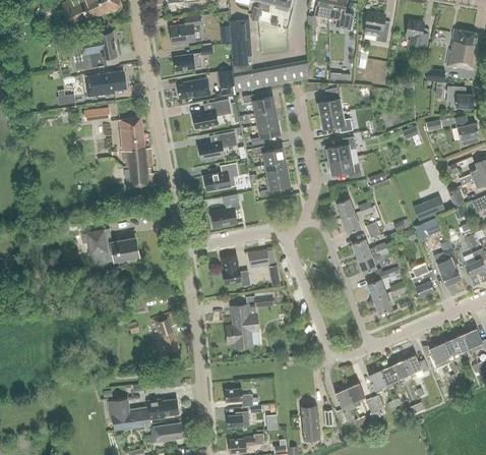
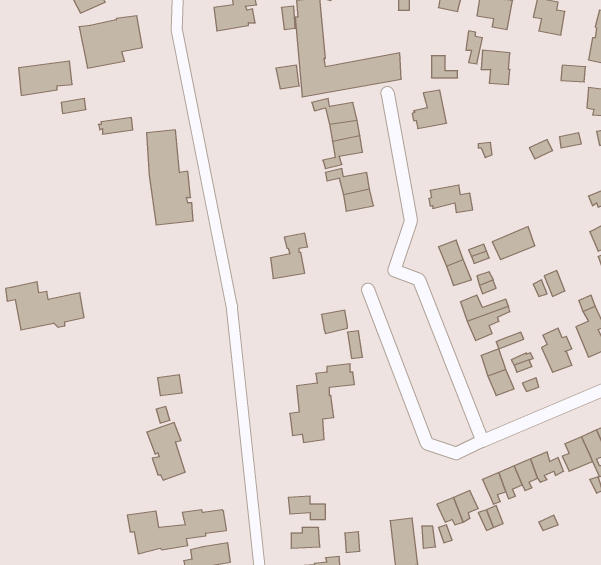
building: [173,45,212,70] -> none
building: [85,71,125,97] -> [19,61,72,95]
building: [177,78,209,99] -> none
building: [191,99,231,130] -> none
building: [319,112,352,132] -> none
building: [197,131,237,162] -> none
building: [325,136,356,162] -> none
building: [202,163,239,191] -> none
building: [260,173,290,197] -> none
building: [413,195,444,220] -> [492,227,535,260]
building: [80,229,138,265] -> [6,282,84,330]
building: [221,254,249,286] -> none
building: [150,311,179,354] -> [147,423,185,480]

